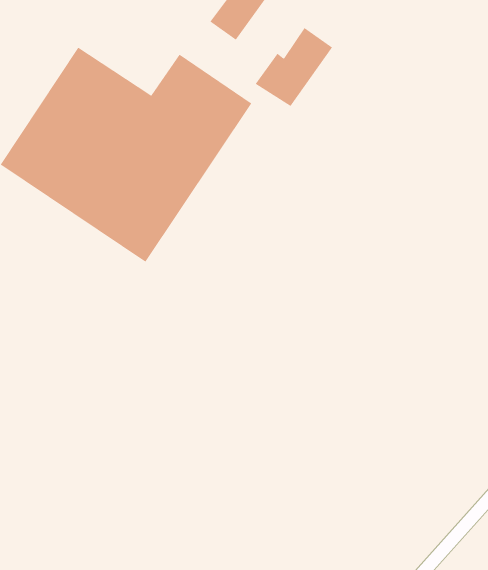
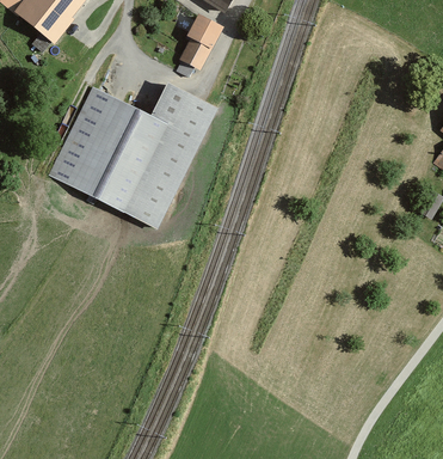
building: [255,27,333,107] -> none

